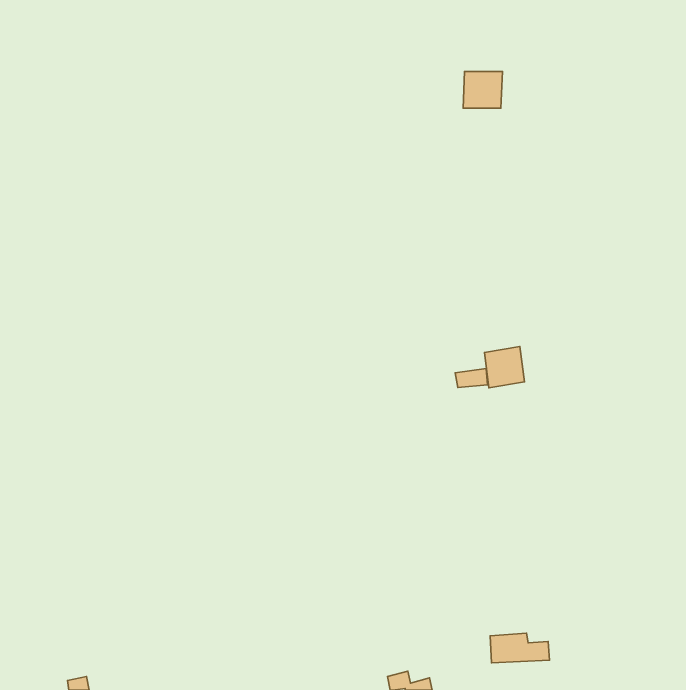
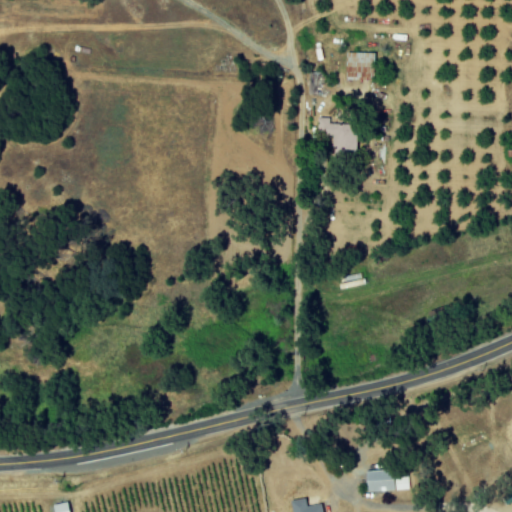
building: none -> [320,118,355,154]
building: [484,347,525,388] -> none

